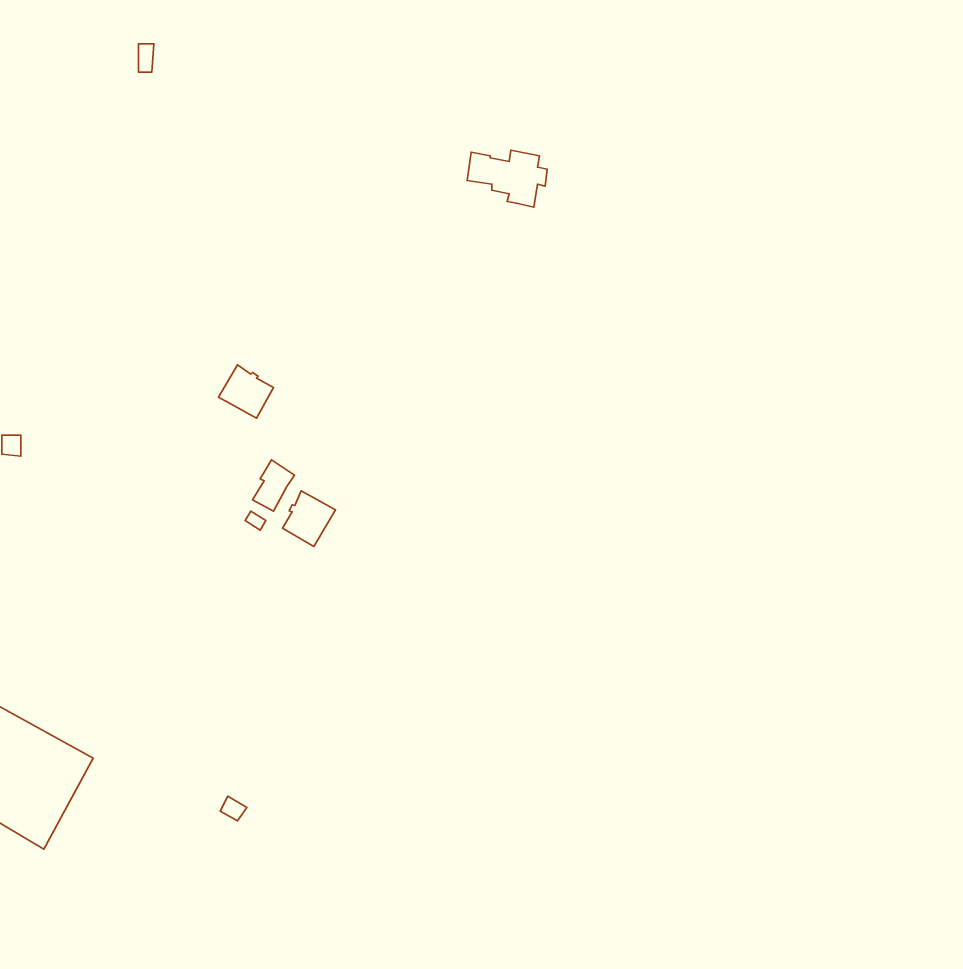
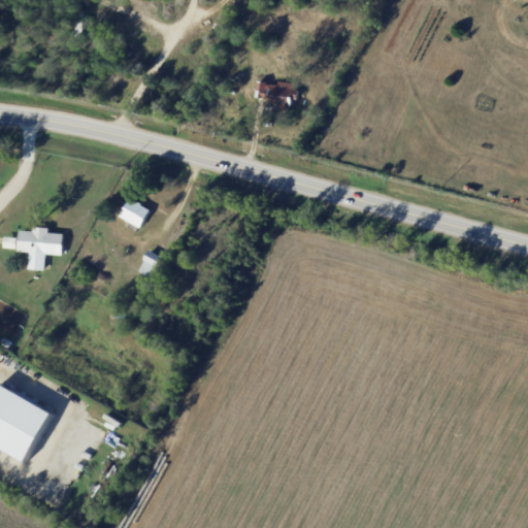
building: none -> [16,227,63,270]
building: [282,491,335,546] -> none

